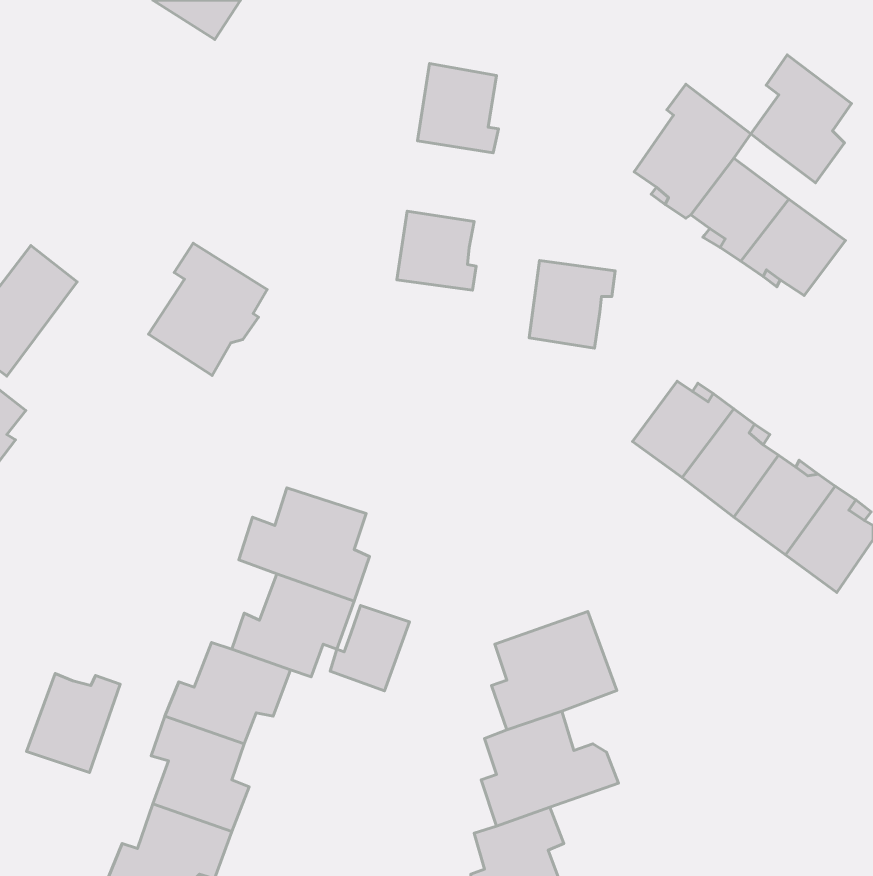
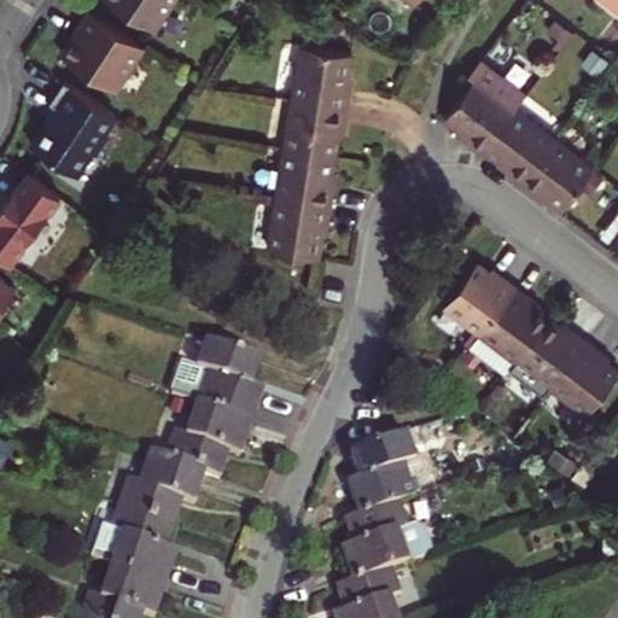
building: none -> [59,10,141,92]
building: [751,55,852,183] -> none
building: none -> [286,100,346,157]
building: [148,243,267,375] -> [25,88,109,181]
building: [529,260,615,348] -> [272,198,332,260]
building: [330,606,409,691] -> none
building: [27,673,120,773] -> none

